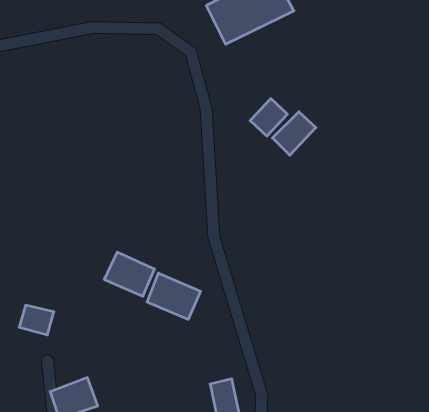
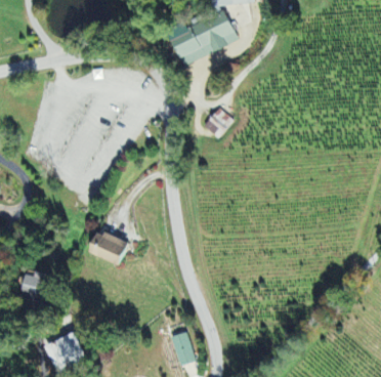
building: [272,112,316,155] -> none
building: [147,273,201,319] -> none

